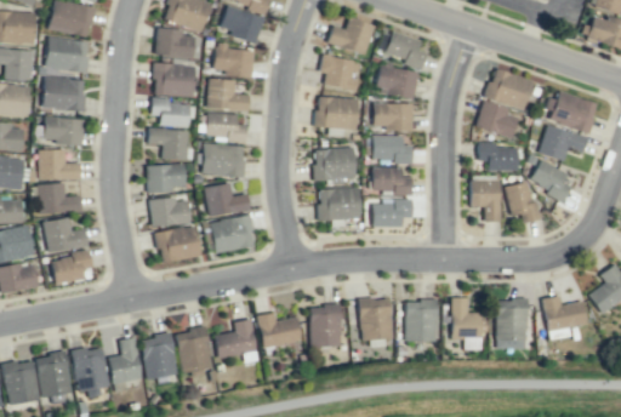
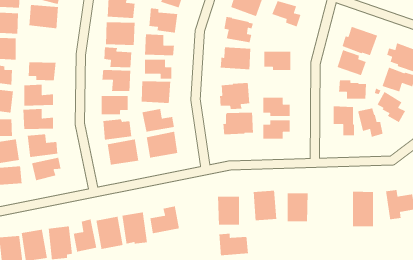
building: [376,62,418,99] -> none
building: [42,78,85,110] -> none
building: [372,135,411,164] -> none
building: [451,297,482,350] -> none
building: [258,314,301,347] -> [218,233,249,256]

